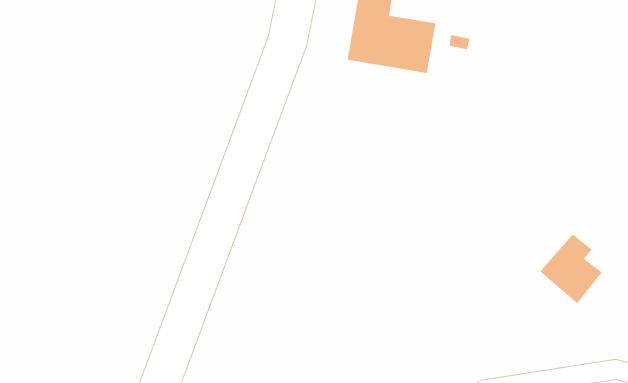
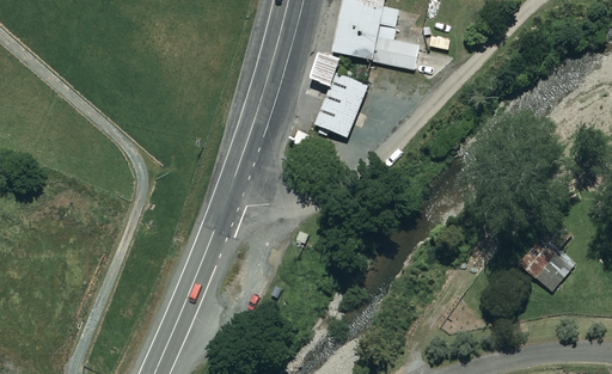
building: none -> [307,73,361,140]

